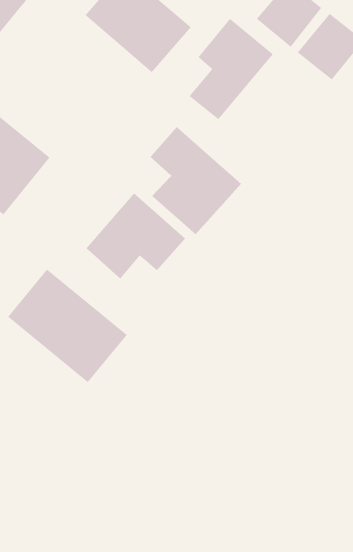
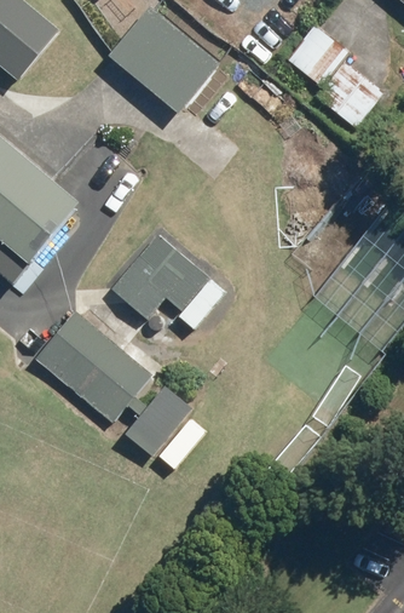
building: [188,18,274,120] -> none
building: [150,126,242,235] -> none
building: none -> [125,385,195,458]

